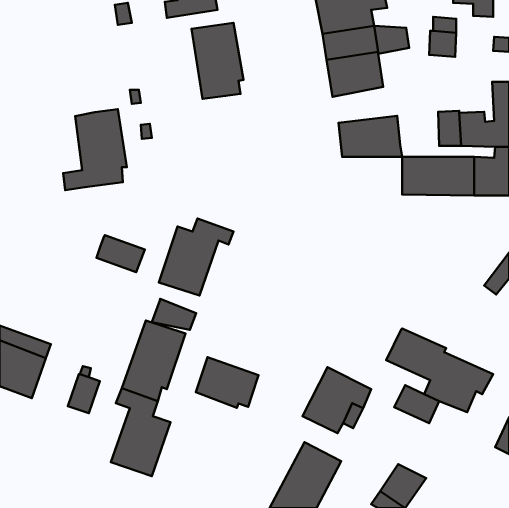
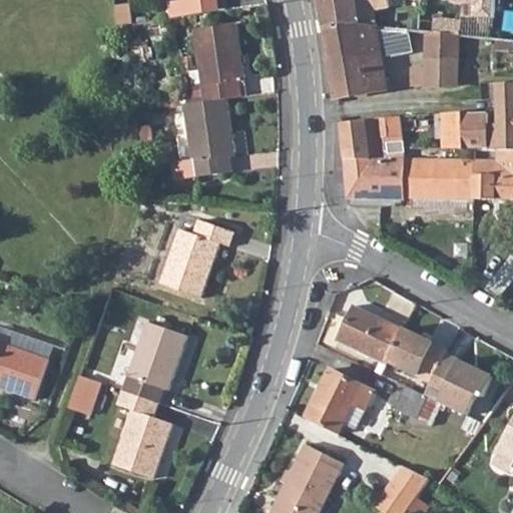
building: none -> [410,55,457,84]
building: [63,109,127,190] -> [171,96,235,177]
building: none -> [344,157,404,195]
building: [96,235,145,272] -> none
building: [152,299,196,330] -> none
building: none -> [337,306,403,364]
building: [196,357,259,408] -> none

